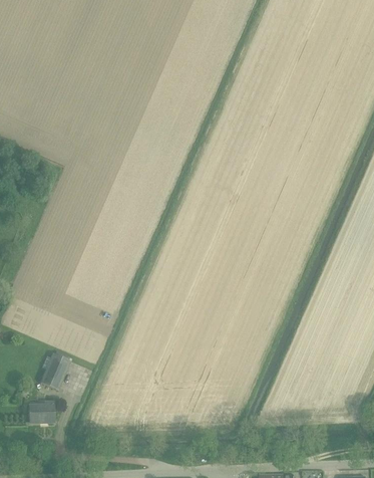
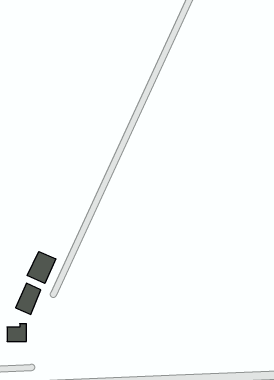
building: none -> [27,252,56,283]

